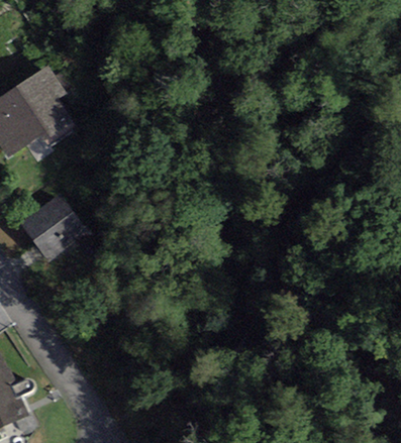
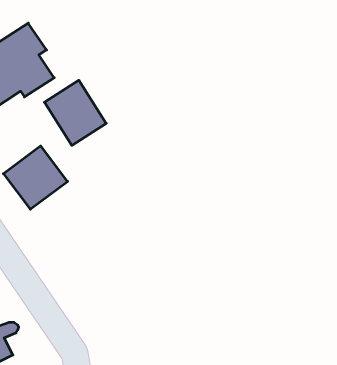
building: none -> [44,80,106,145]

